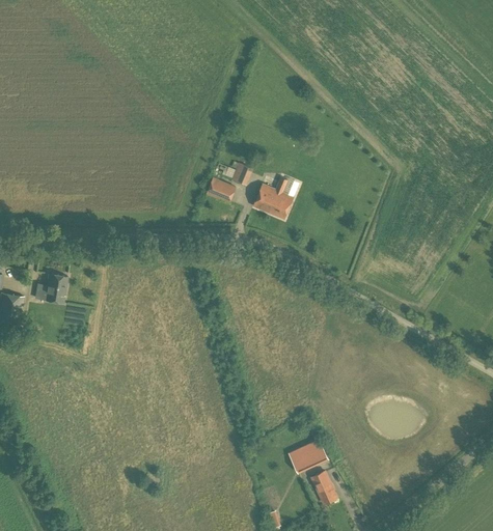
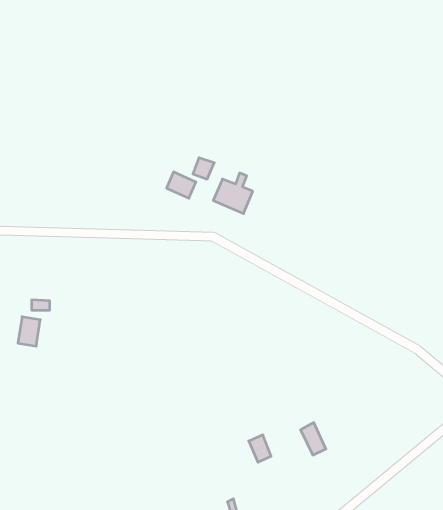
building: [44,273,66,303] -> [18,317,40,346]
building: [310,470,336,503] -> [301,423,326,455]

